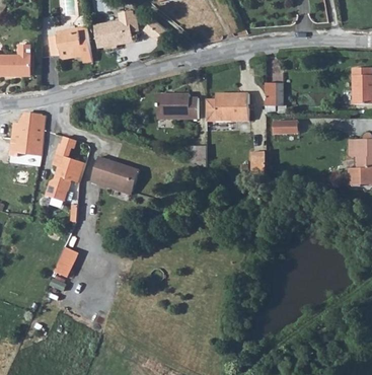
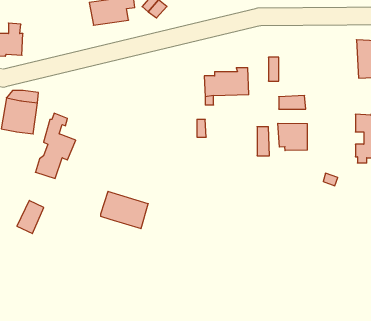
building: [48,35,91,69] -> none
building: [155,93,199,118] -> none
building: none -> [278,123,307,151]
building: [93,159,140,196] -> [101,191,148,229]
building: [51,244,77,277] -> [17,200,44,234]

